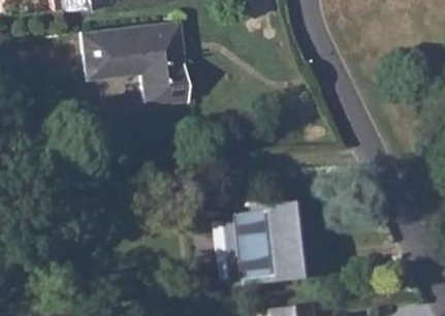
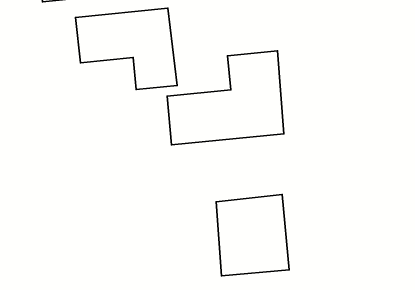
building: none -> [167,51,284,145]

